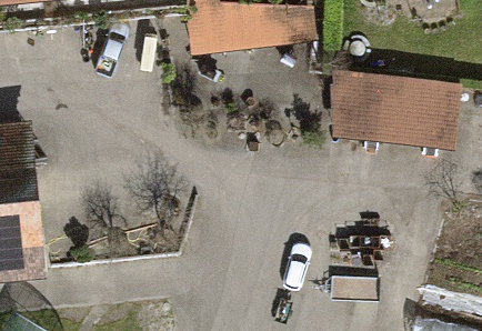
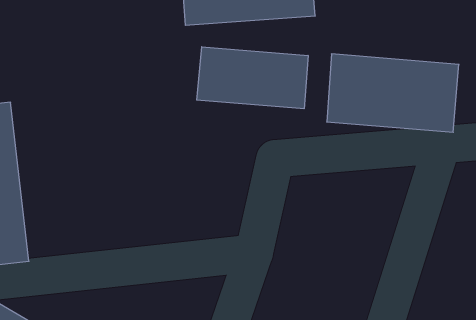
building: none -> [197,47,308,109]

